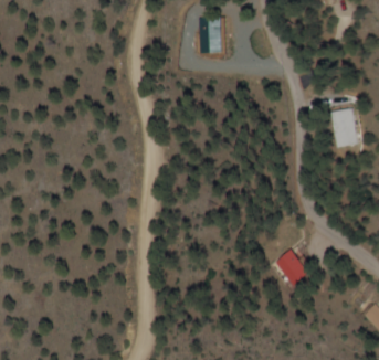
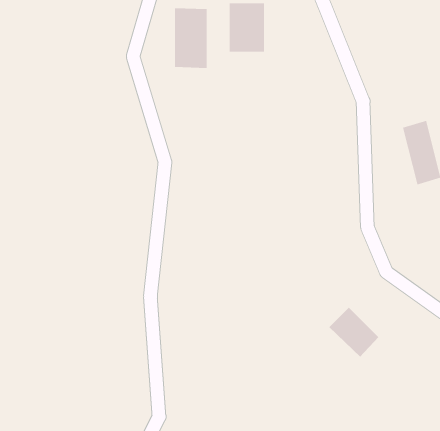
building: none -> [175,7,207,69]

